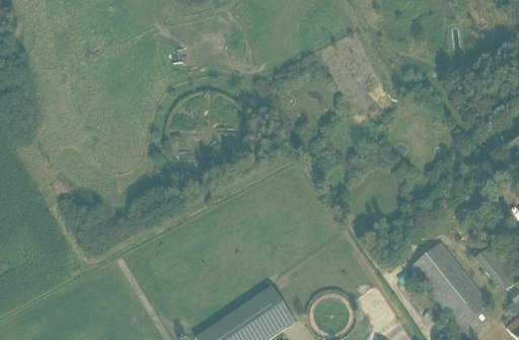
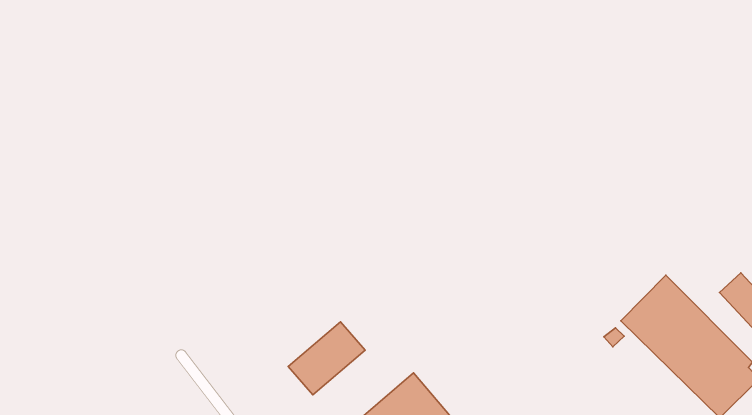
building: none -> [288,322,365,395]

